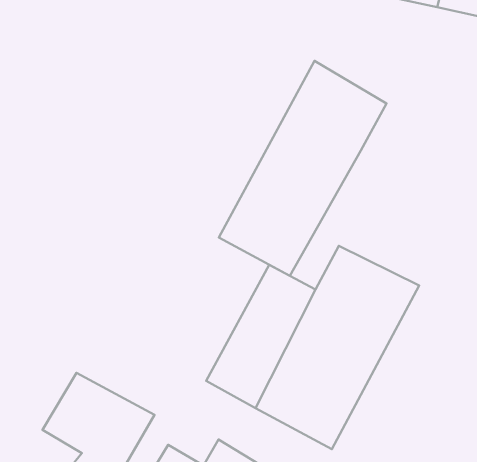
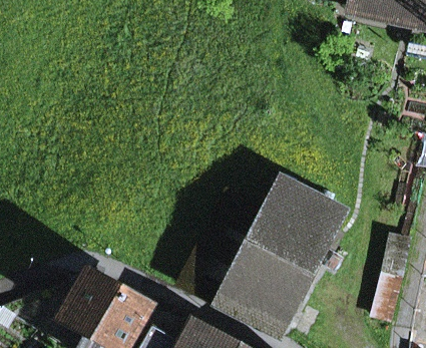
building: [219,61,386,276] -> none

